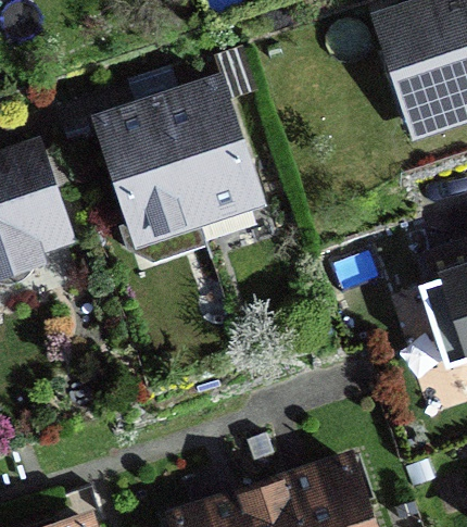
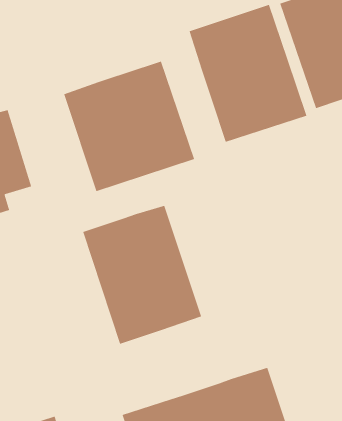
building: none -> [189,4,307,143]
building: none -> [82,205,202,345]

